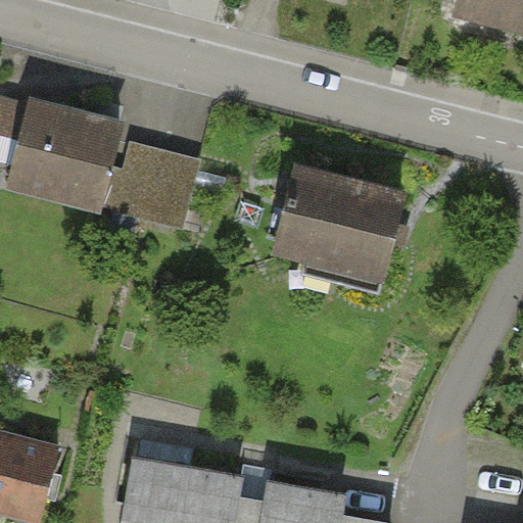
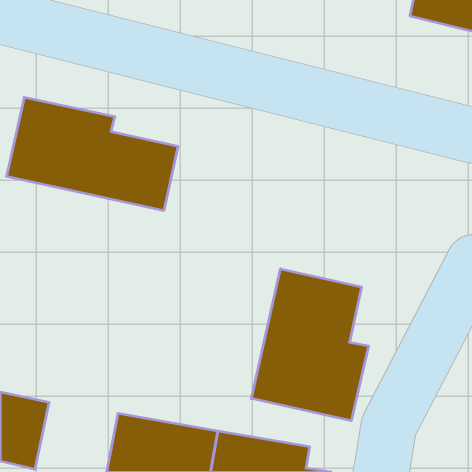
building: [272,173,403,284] -> none
building: none -> [251,269,368,421]

